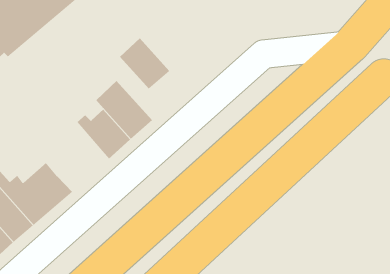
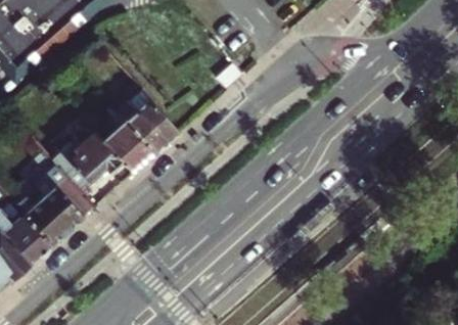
building: [119,37,170,89] -> none
building: none -> [63,132,127,192]

